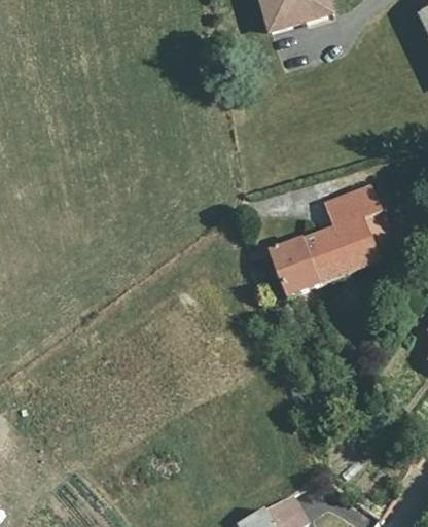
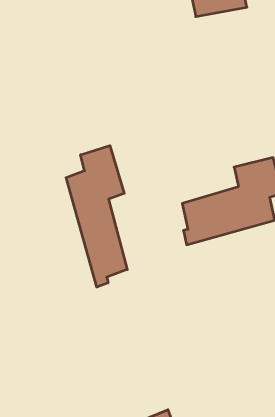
building: none -> [66,146,127,287]

